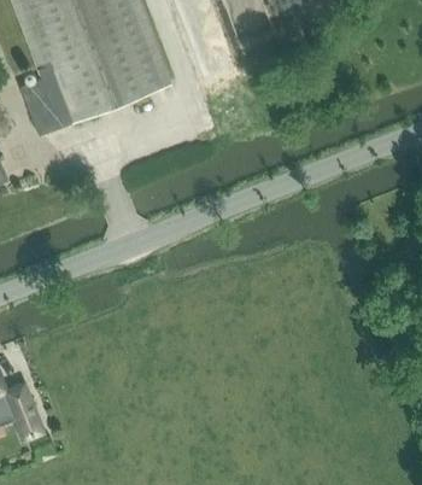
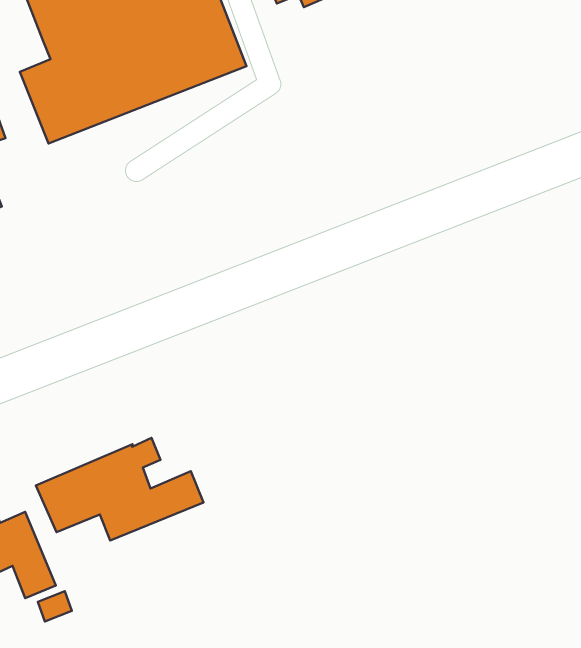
building: none -> [36,438,204,541]

